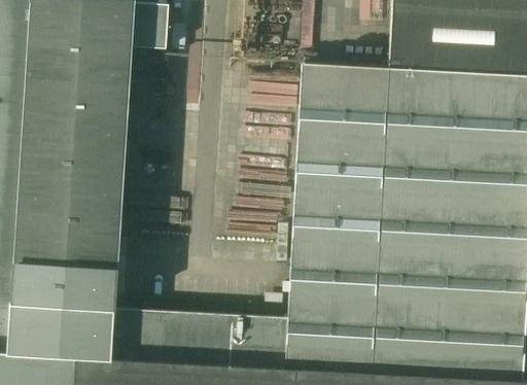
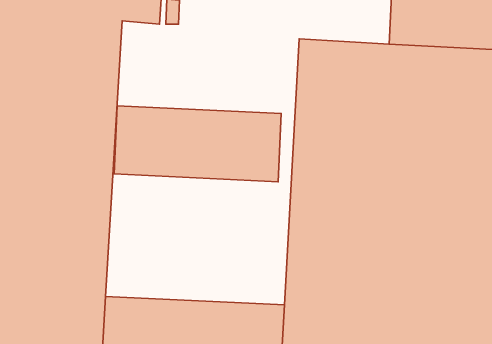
building: none -> [114,106,281,182]

